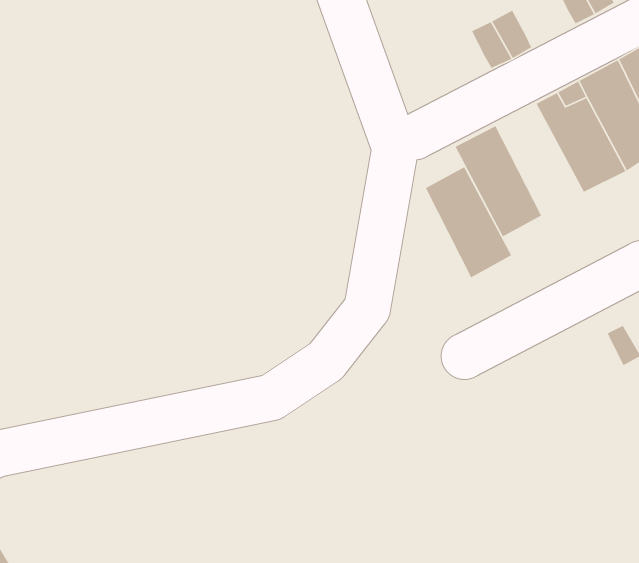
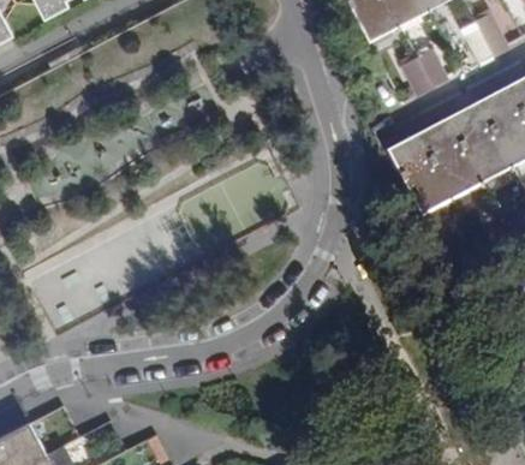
building: [425,166,512,279] -> [416,120,479,202]

